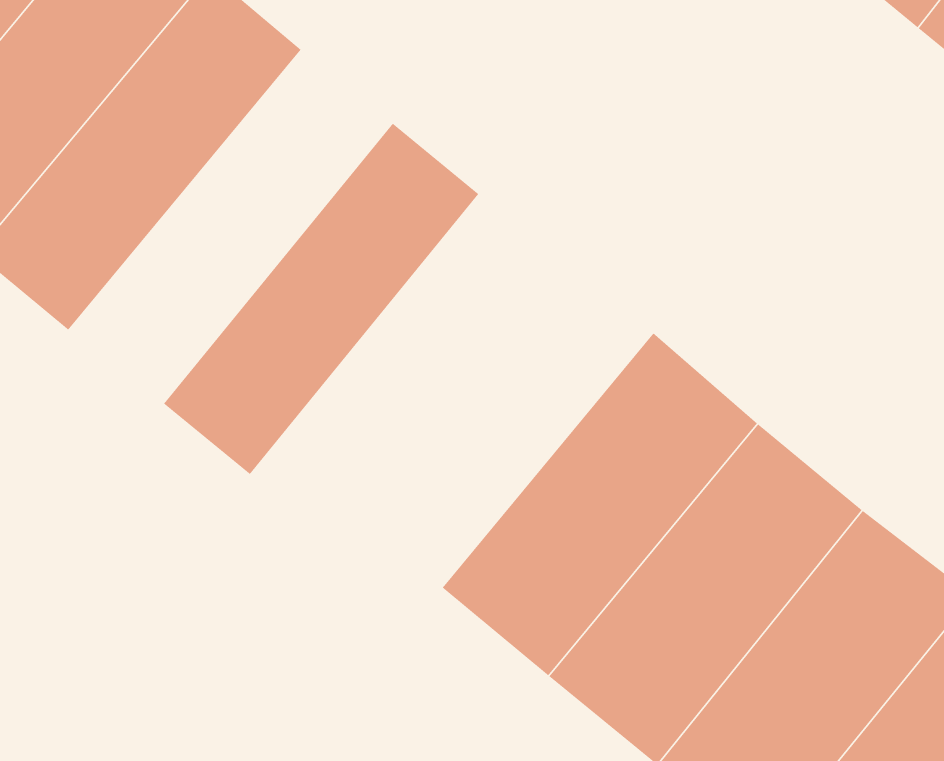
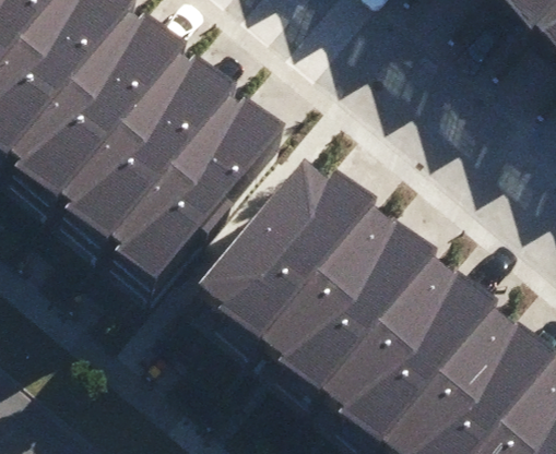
building: none -> [58,49,237,244]
building: none -> [214,162,381,346]

